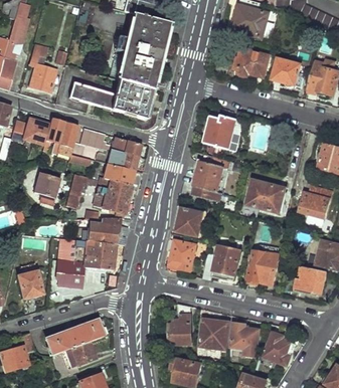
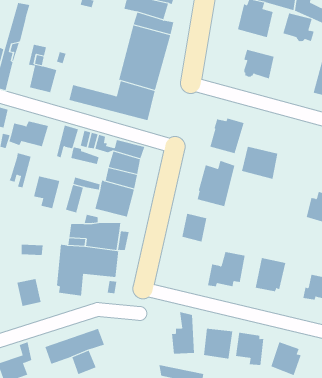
building: [271,59,302,87] -> [282,13,315,42]
building: [41,118,63,152] -> [9,152,32,188]
building: [246,180,283,212] -> [241,146,278,179]
building: [168,238,196,270] -> none

